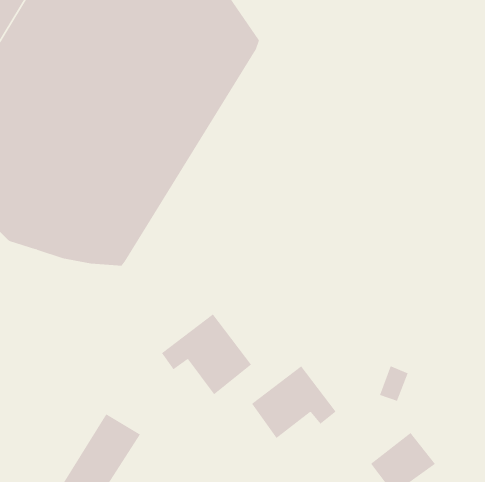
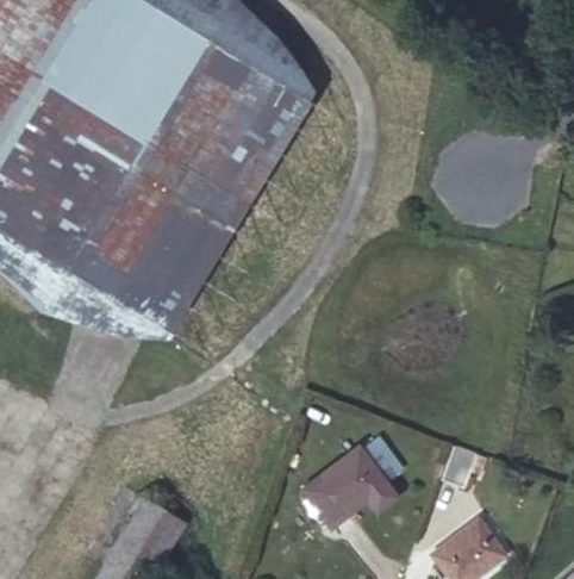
building: [161,313,252,395] -> none

